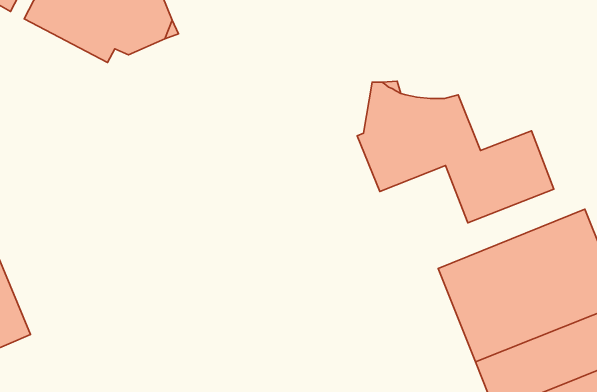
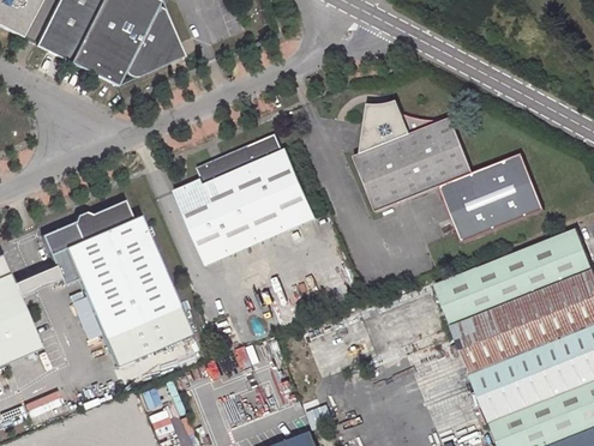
building: none -> [173,132,318,265]
building: none -> [40,199,190,366]

